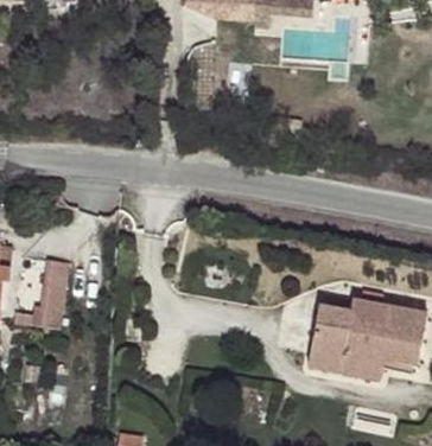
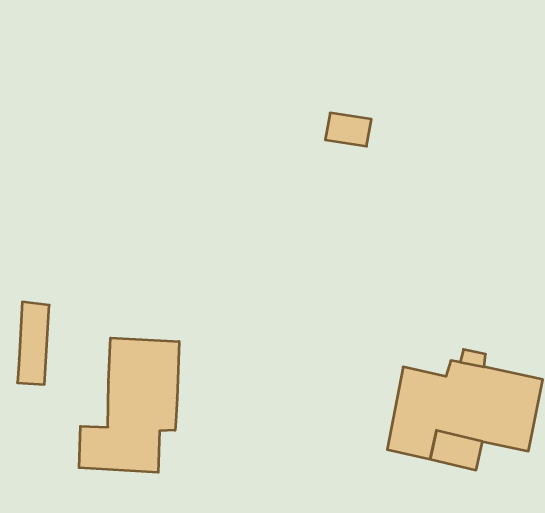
building: none -> [79,338,179,472]

